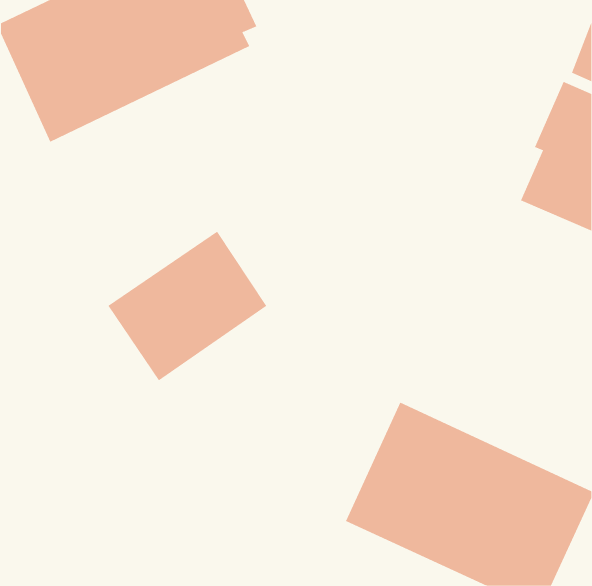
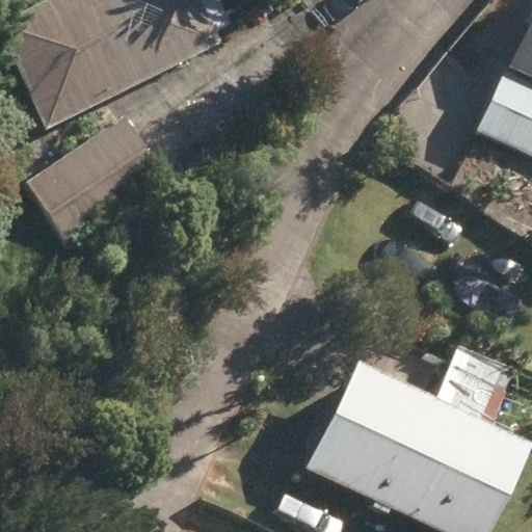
building: [107,231,267,381] -> [25,115,168,250]

